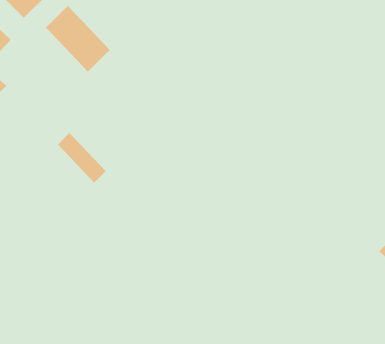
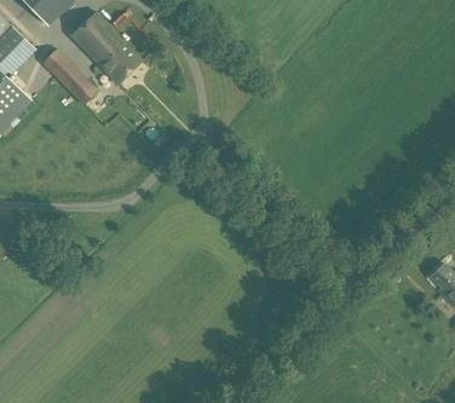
building: [57,132,107,184] -> [42,48,96,104]

